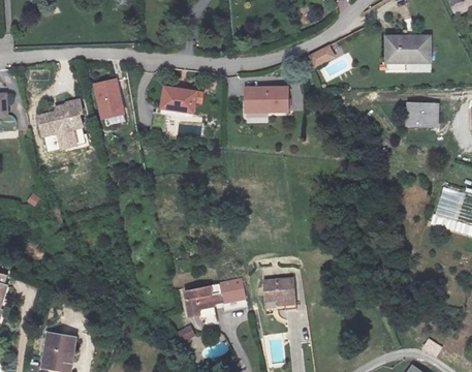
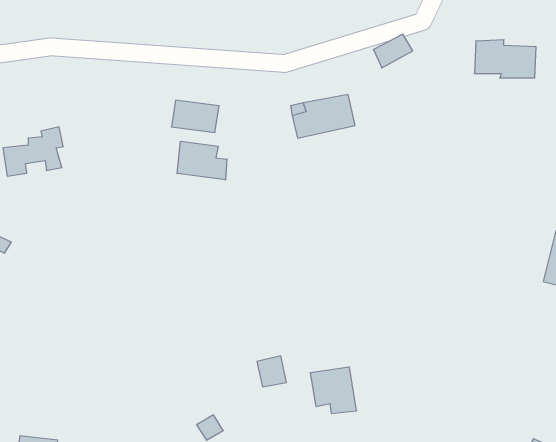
building: [93,69,127,113] -> none
building: [405,109,438,132] -> none
building: none -> [177,141,227,180]
building: [180,280,221,321] -> none

